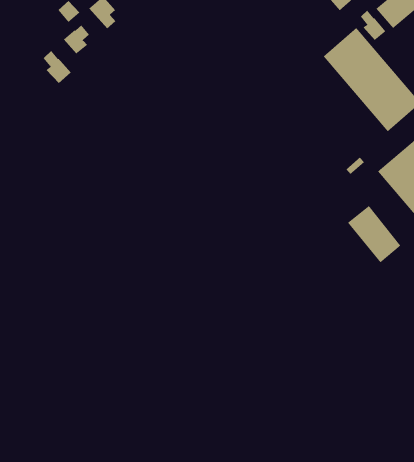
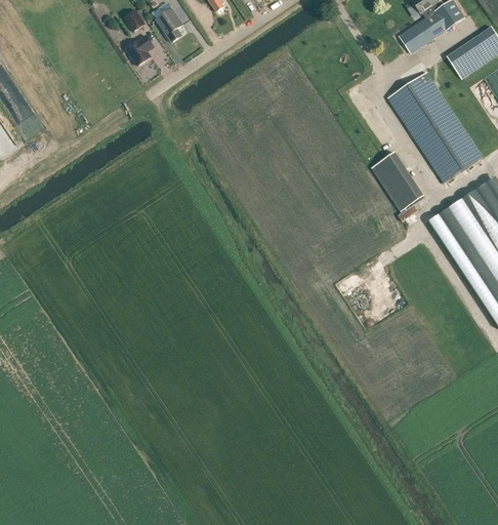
building: [360,10,386,41] -> none
building: [43,50,72,84] -> none
building: [347,205,401,263] -> [369,151,421,211]

